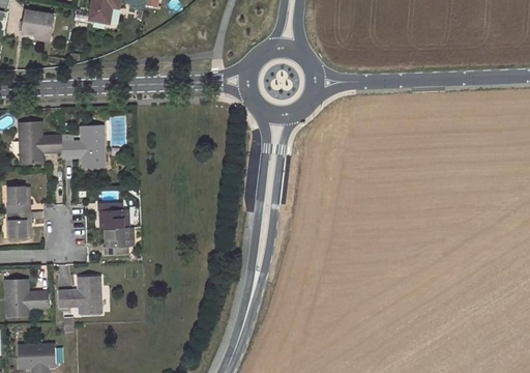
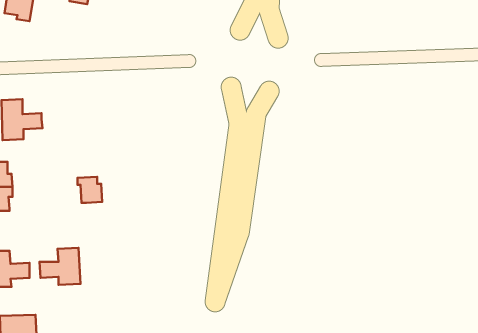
building: [61,124,105,168] -> none
building: [104,228,129,254] -> none

